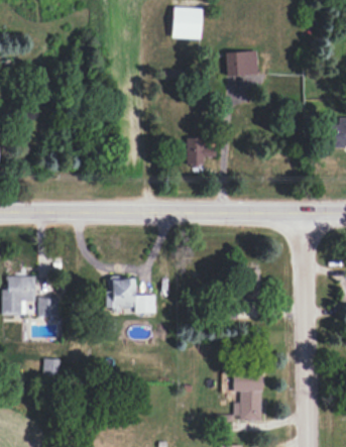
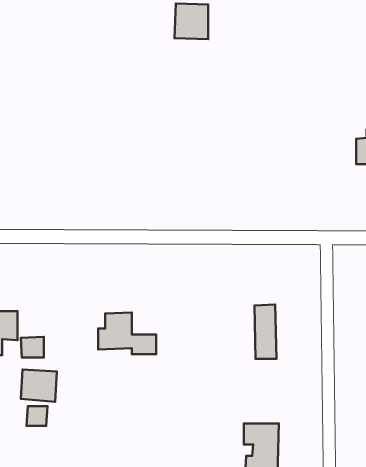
building: [226,51,258,76] -> none
building: [187,138,217,166] -> none
building: none -> [21,370,57,402]

